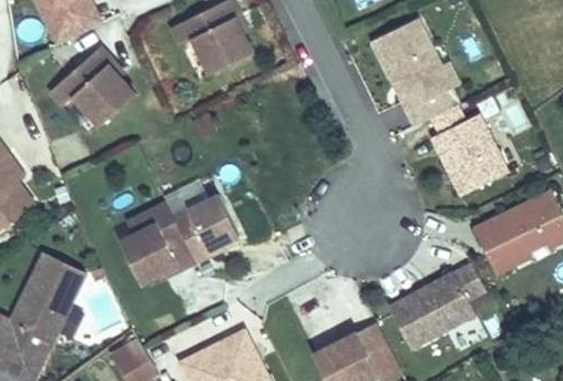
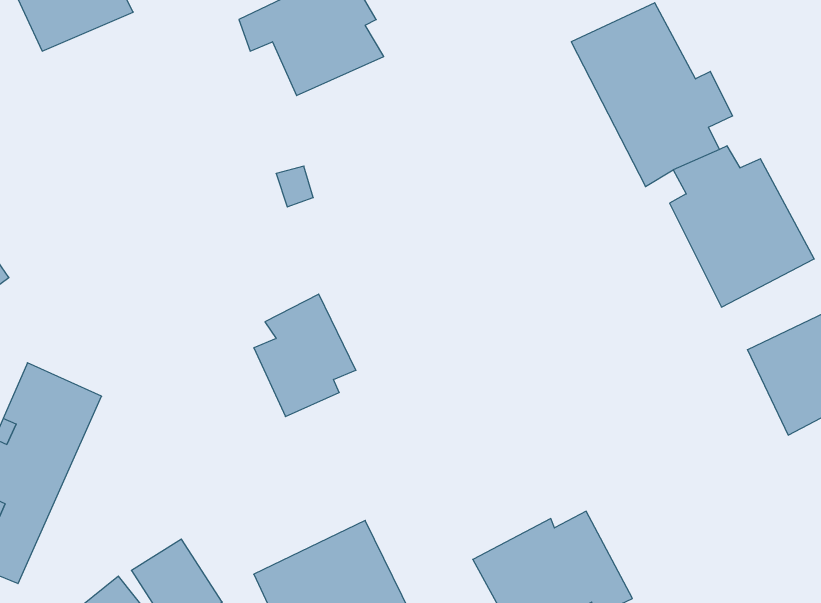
building: [48,45,136,131] -> none
building: [116,199,196,292] -> none
building: [386,261,491,354] -> none

